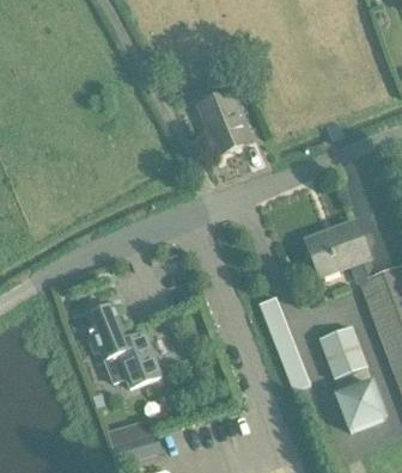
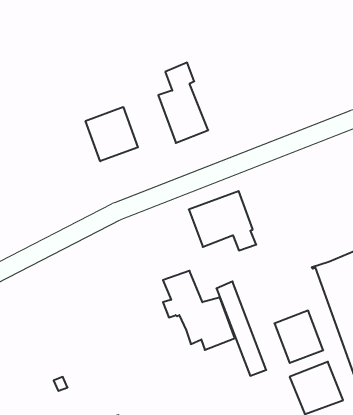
building: none -> [86,107,138,161]
building: [305,220,374,281] -> [189,191,256,250]
building: [86,305,160,386] -> [163,271,235,350]

